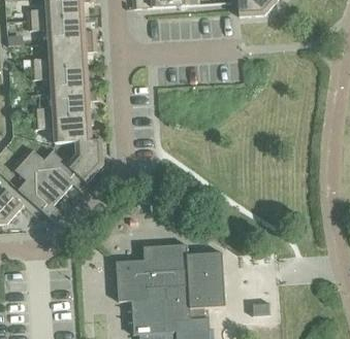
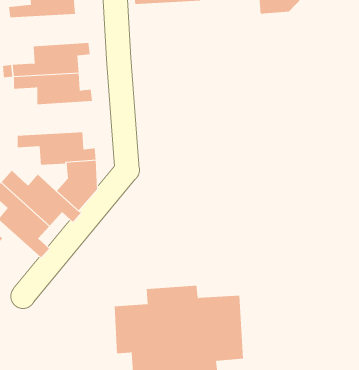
building: [28,15,95,42] -> none
building: [33,89,99,117] -> none

